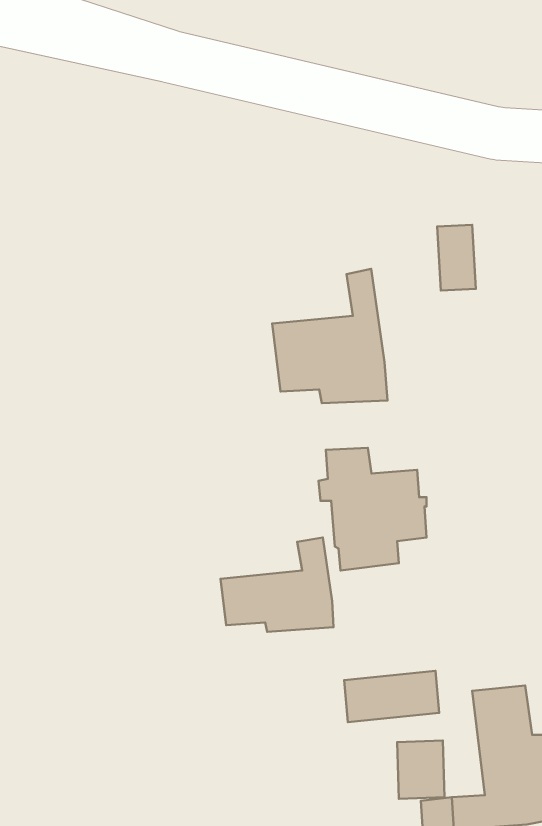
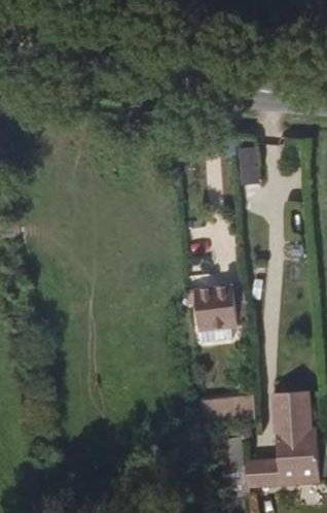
building: [272,269,387,403] -> none
building: [220,537,334,632] -> none

